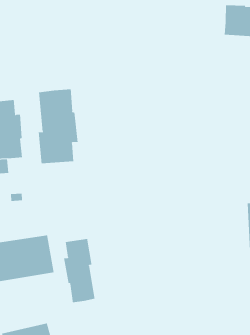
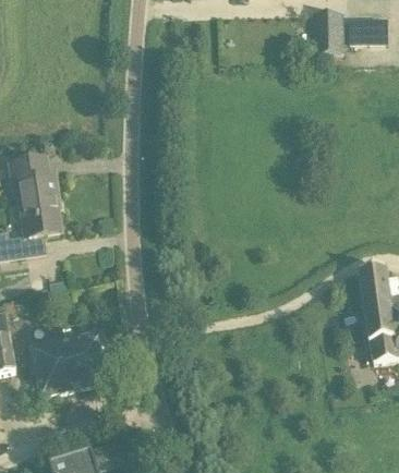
building: [38,88,78,164] -> none
building: [64,238,95,303] -> none

